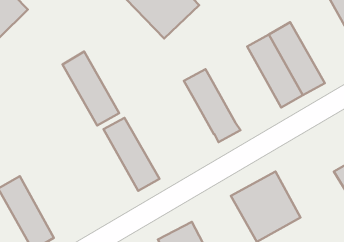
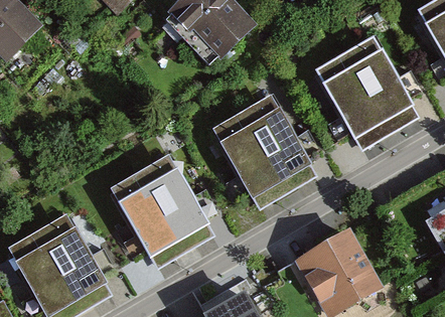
building: [62,52,119,125] -> [112,173,182,265]
building: none -> [212,113,282,204]
building: none -> [35,217,105,308]

